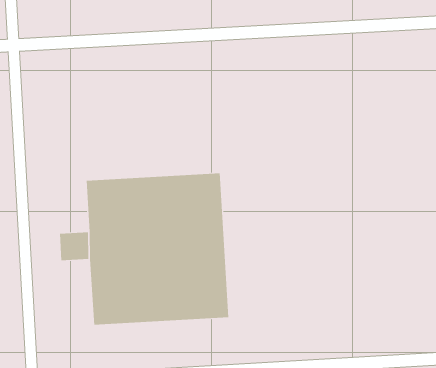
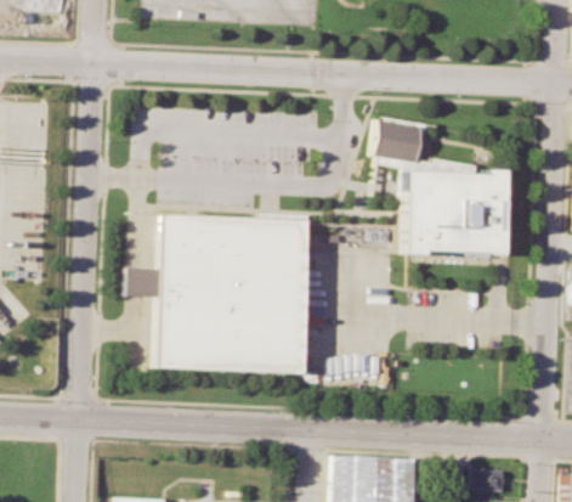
building: none -> [375,115,505,254]

